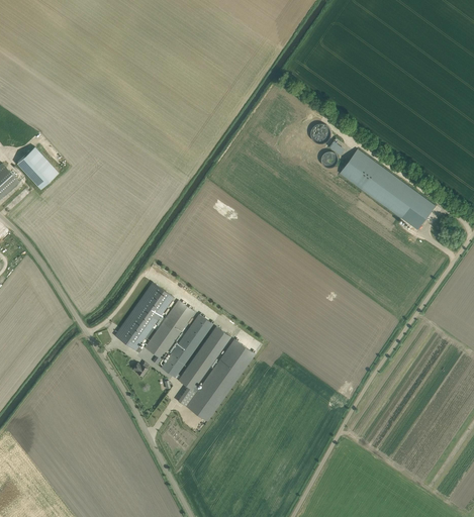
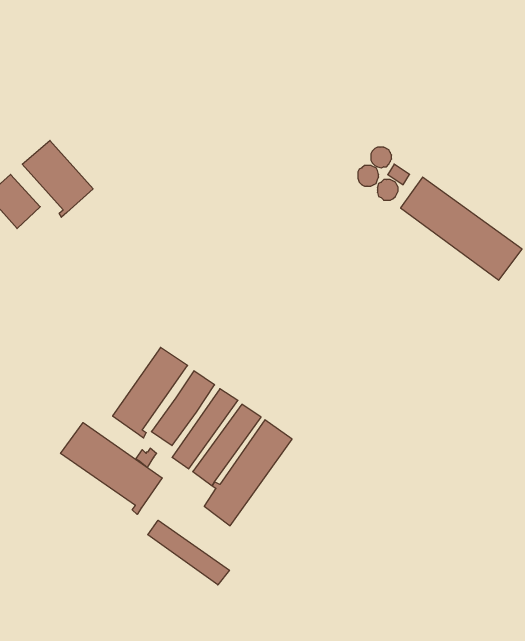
building: none -> [22,140,93,217]
building: none -> [61,423,162,514]
building: none -> [148,520,229,585]

